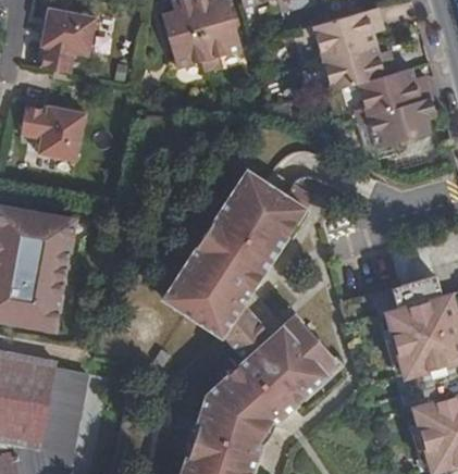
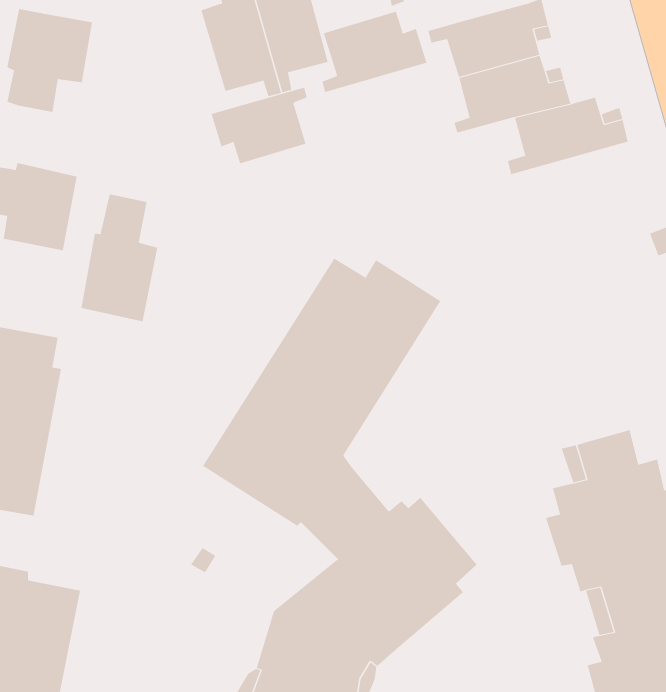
building: none -> [322,11,427,93]
building: none -> [211,87,307,164]
building: [357,95,436,142] -> none
building: none -> [81,193,158,322]

